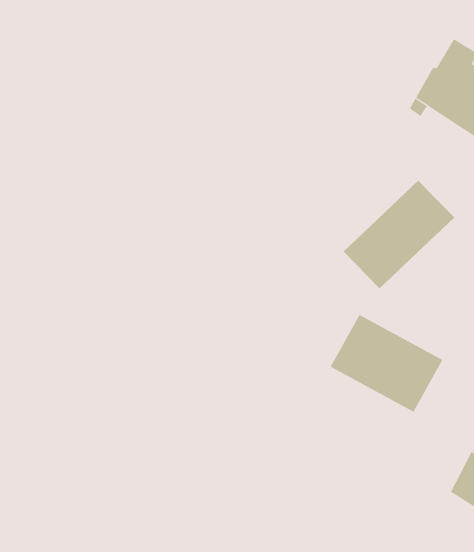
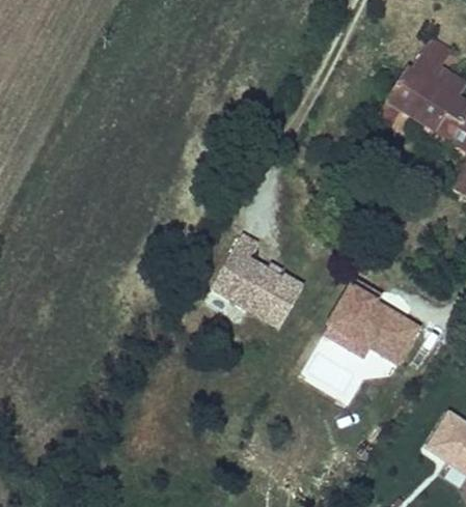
building: [343,180,455,289] -> none
building: none -> [204,232,301,333]

